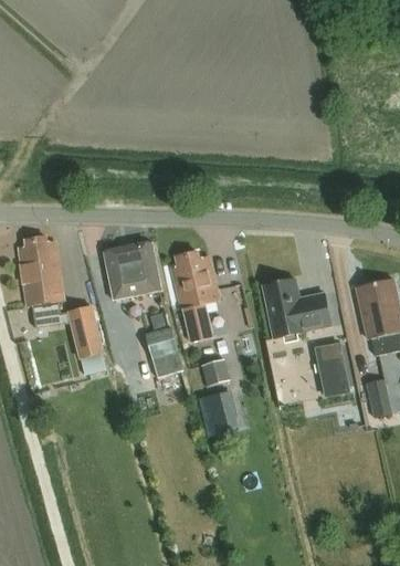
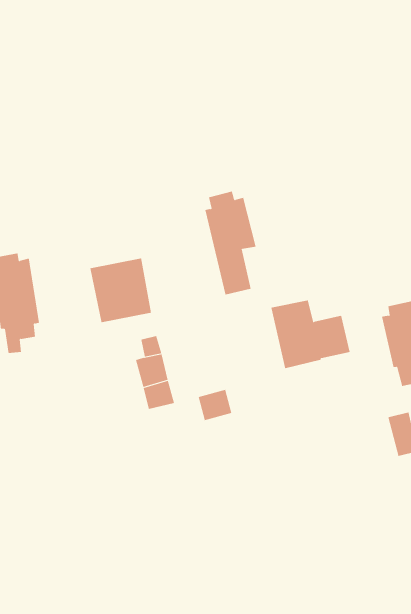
building: [172,252,218,343] -> [204,191,257,295]
building: [67,305,105,371] -> none
building: [318,340,349,395] -> none
building: [197,390,236,434] -> none

